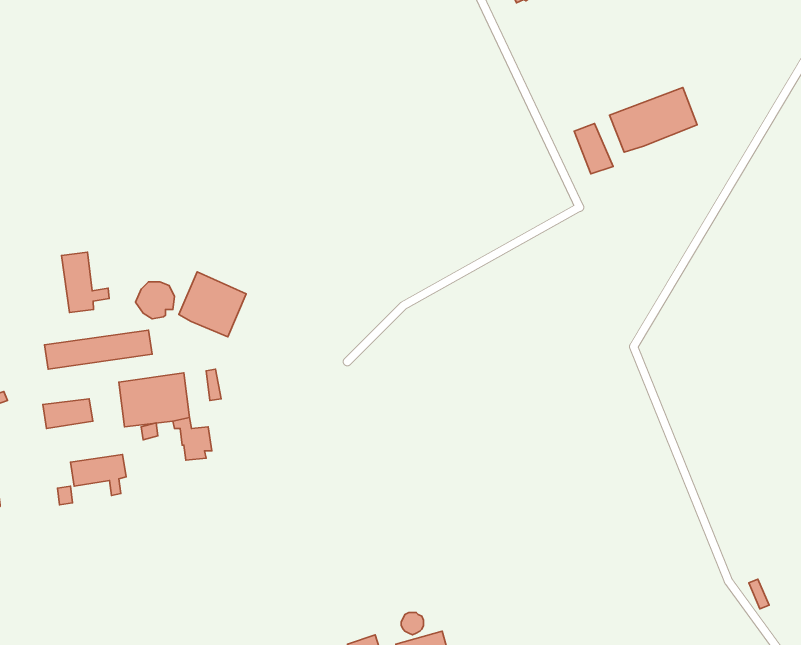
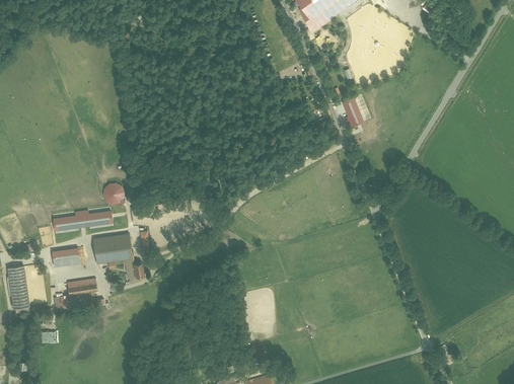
building: [610,87,697,152] -> none
building: [61,252,109,312] -> none
building: [179,272,246,337] -> none

